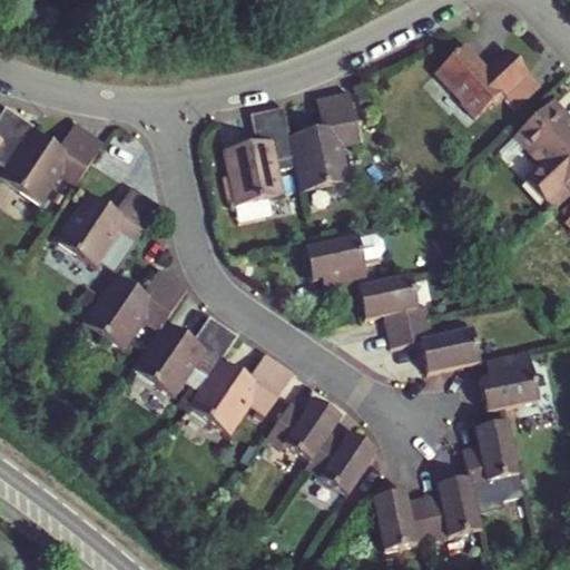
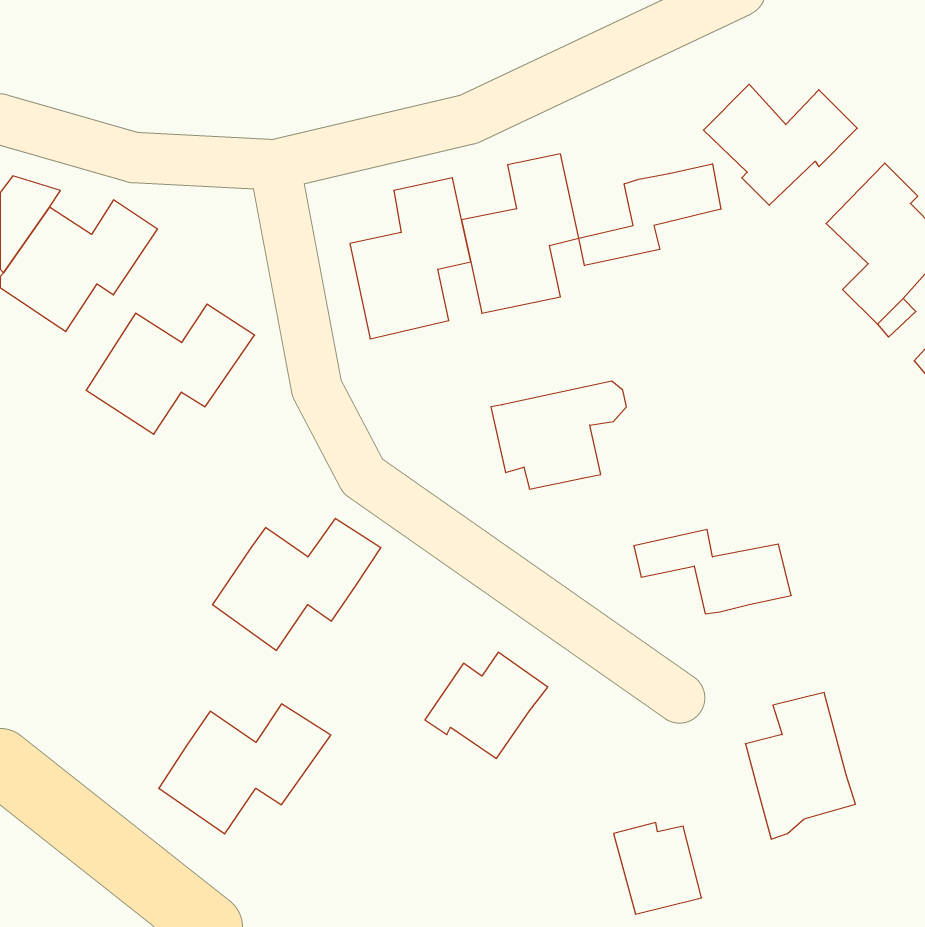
building: none -> [579,164,721,266]
building: [80,273,188,350] -> none
building: [361,278,436,332] -> none
building: [489,351,547,407] -> none
building: [191,352,296,431] -> [159,704,331,834]
building: [305,432,375,494] -> none
building: [422,481,481,546] -> none

